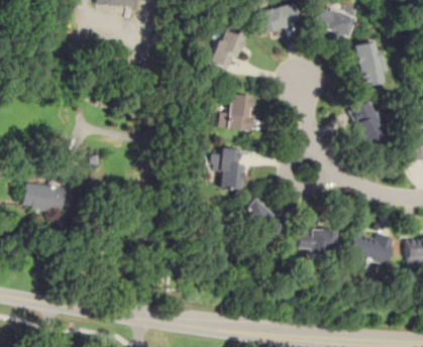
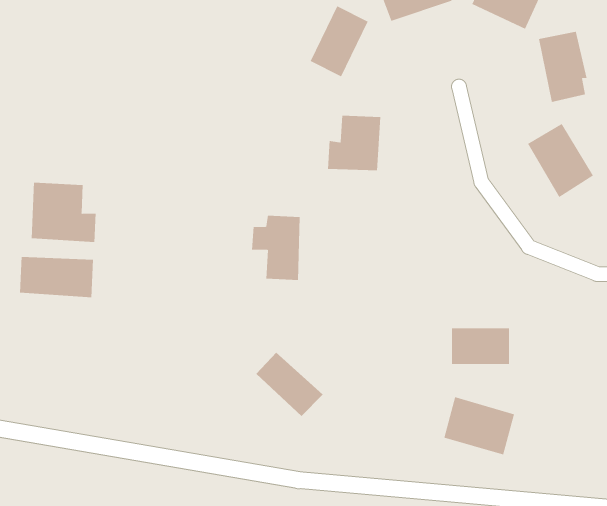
building: none -> [31,182,96,243]
building: [212,147,243,189] -> [251,215,300,280]
building: [241,198,285,239] -> [255,352,324,417]
building: [347,228,393,265] -> [443,397,515,455]

